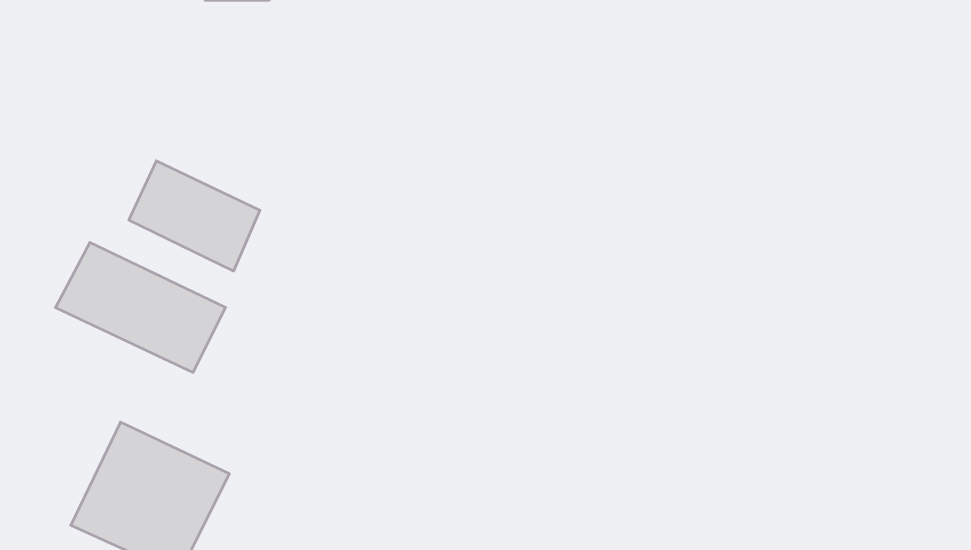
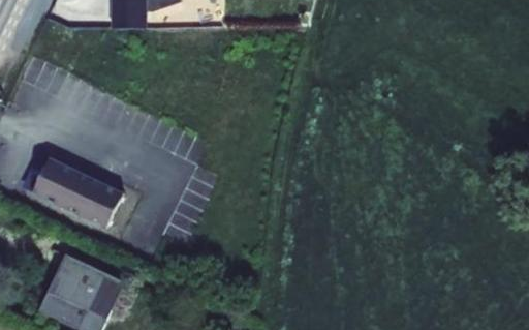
building: [129,161,260,271] -> none

